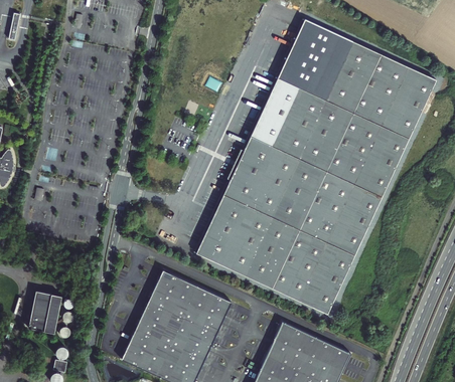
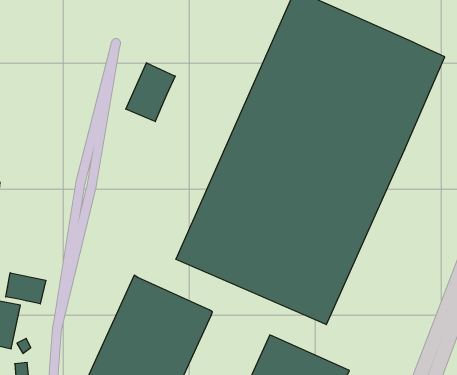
building: none -> [126,63,175,122]
building: none -> [6,273,46,304]

